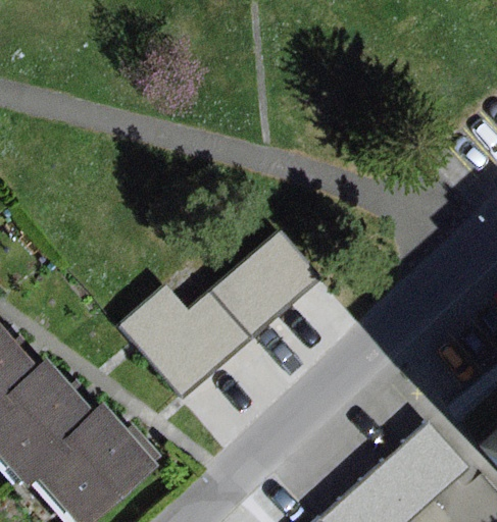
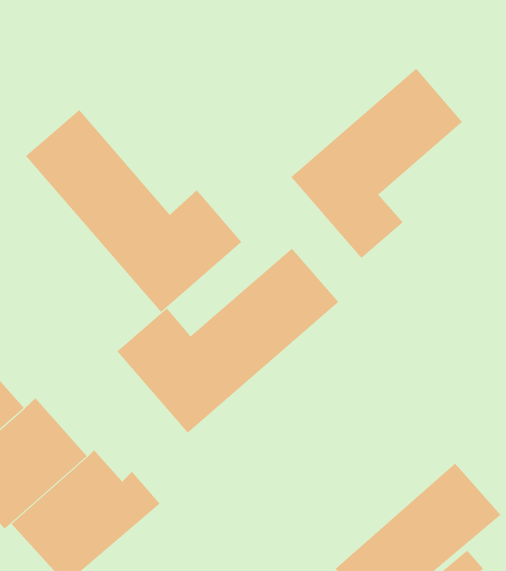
building: none -> [291,68,463,259]
building: none -> [25,109,242,313]

